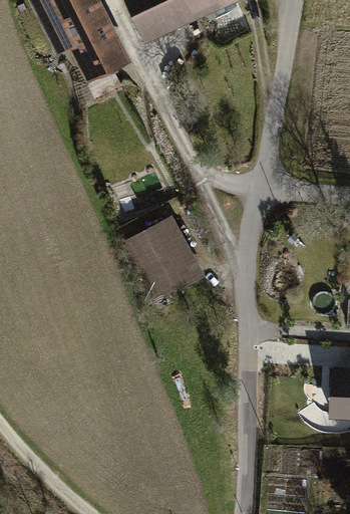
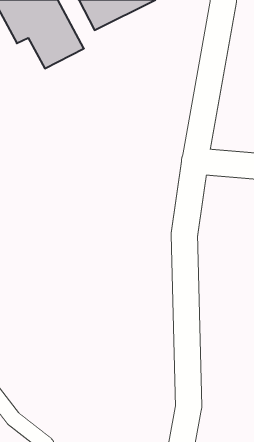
building: [121,214,205,301] -> none

